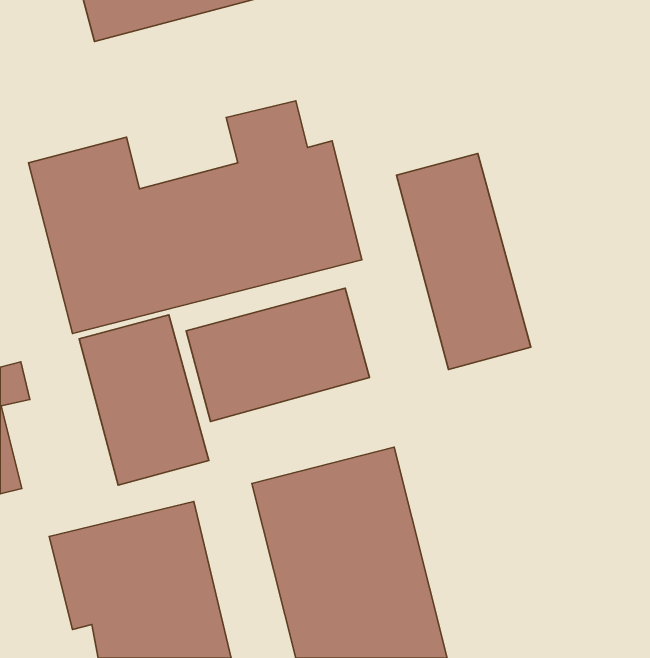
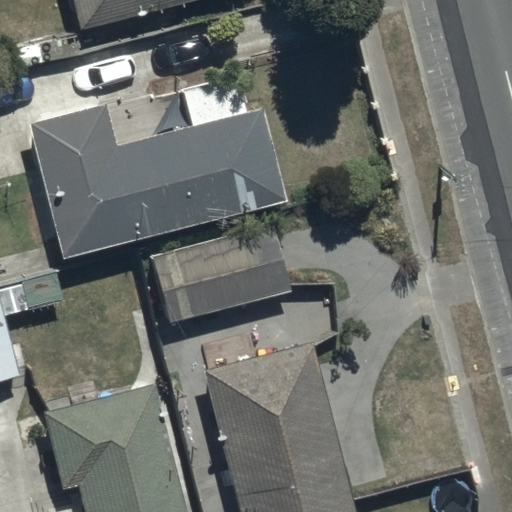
building: [396,153,531,369] -> none
building: [79,315,209,485] -> none

